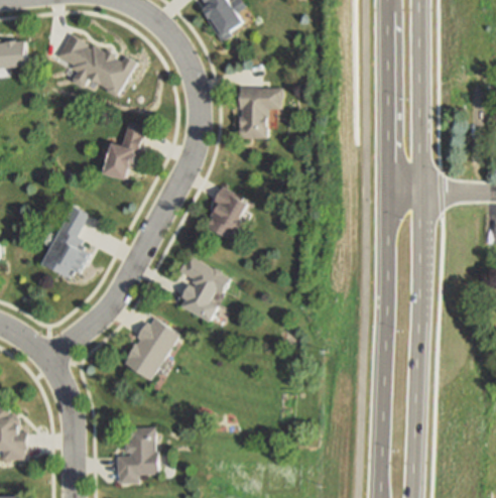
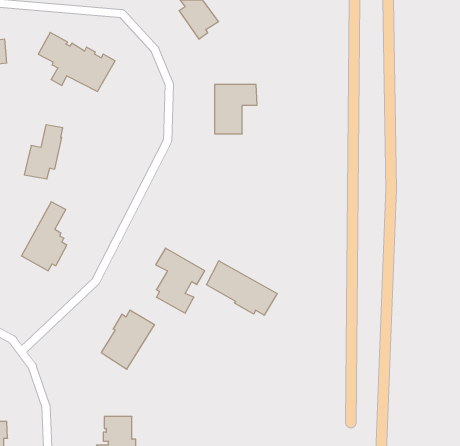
building: [104,123,143,178] -> [24,125,63,179]
building: [206,186,249,239] -> none
building: none -> [206,261,277,315]

